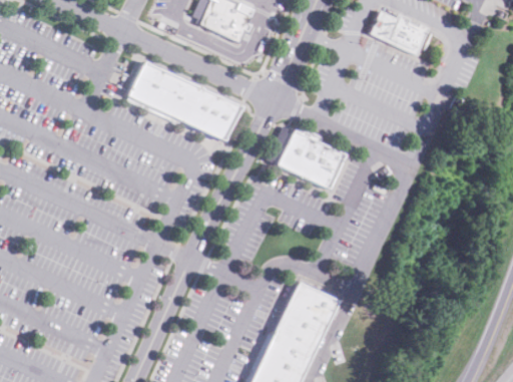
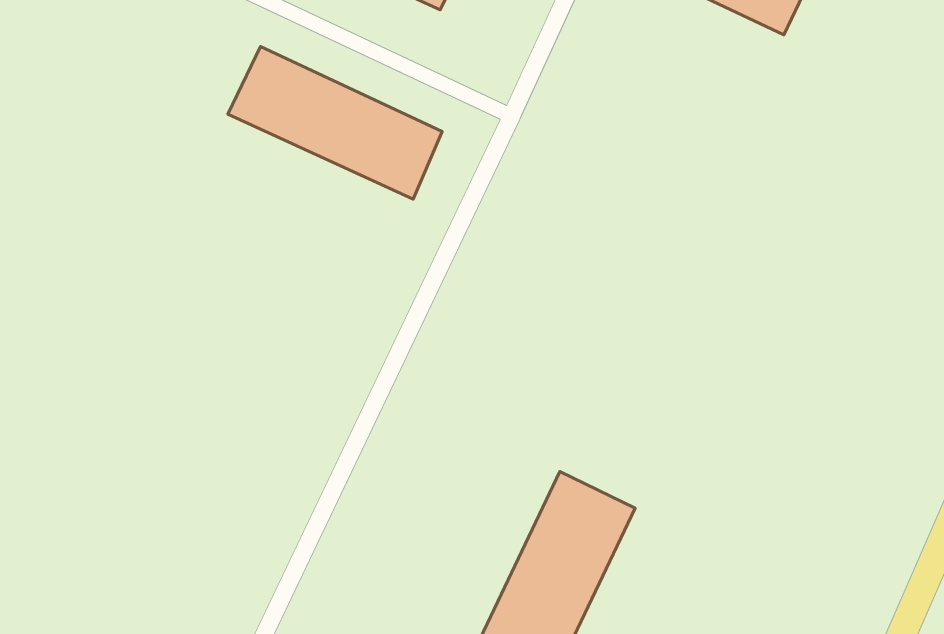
building: [273,129,340,186] -> none

